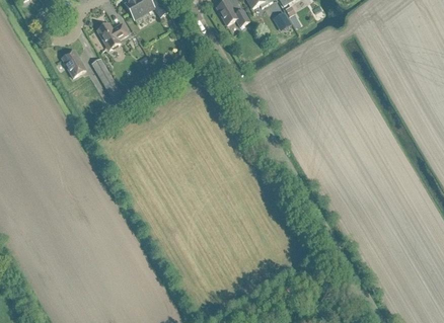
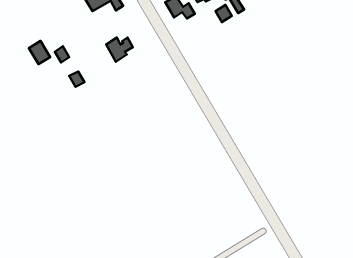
building: [97,22,128,50] -> [106,37,133,62]

